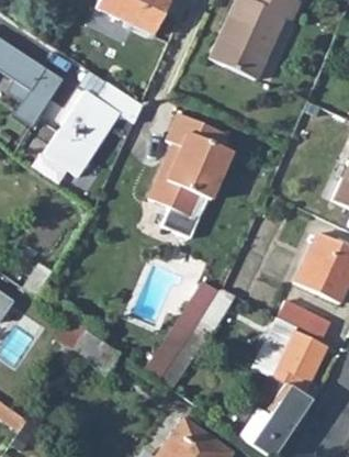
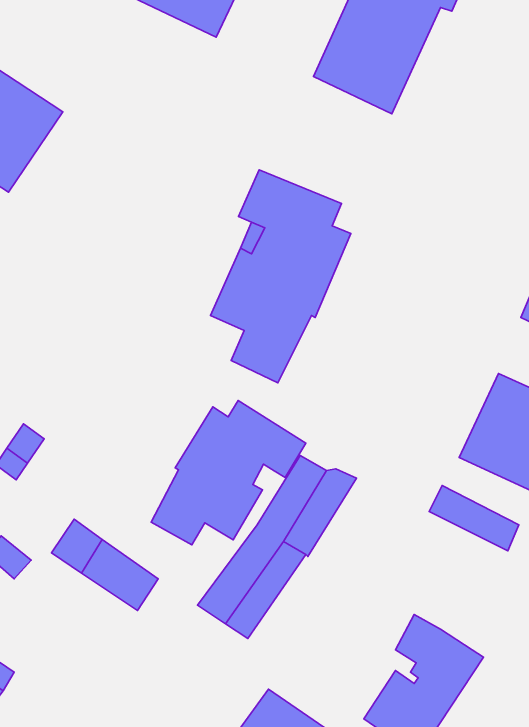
building: [44,81,142,177] -> none
building: none -> [151,401,306,545]
building: [254,320,328,395] -> none

